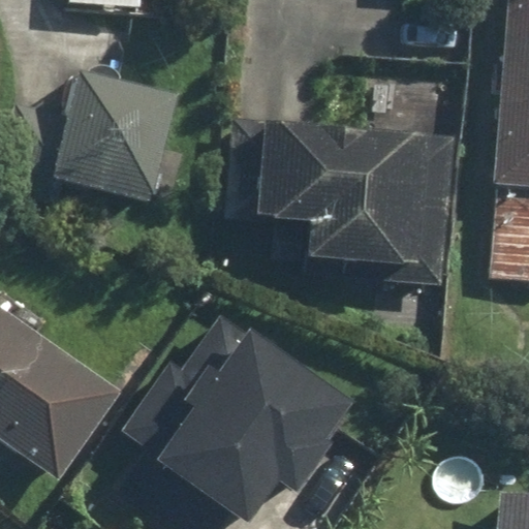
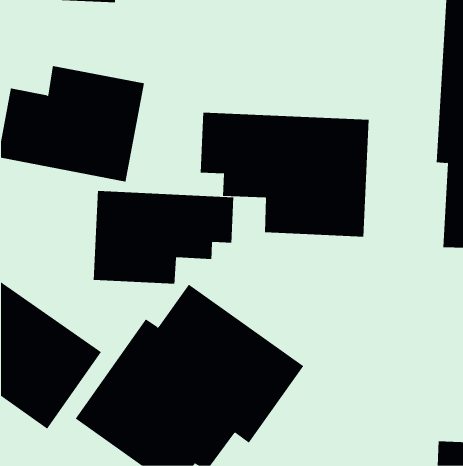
building: none -> [93,190,234,284]

